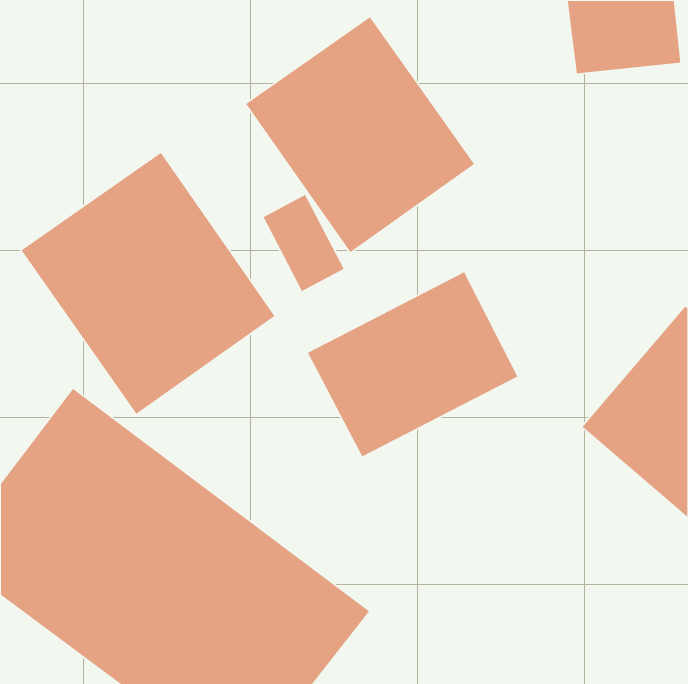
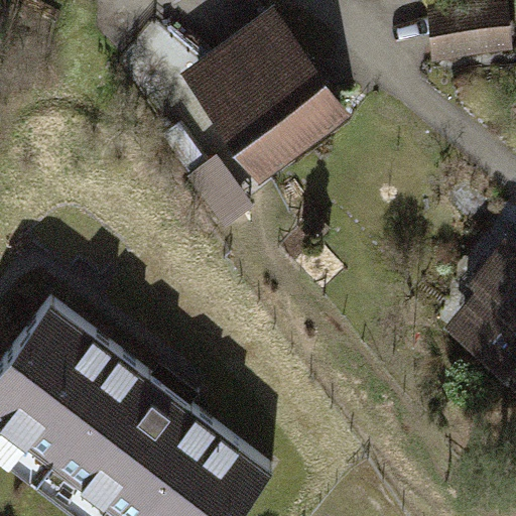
building: [20,152,276,415] -> none
building: [307,271,519,458] -> none

